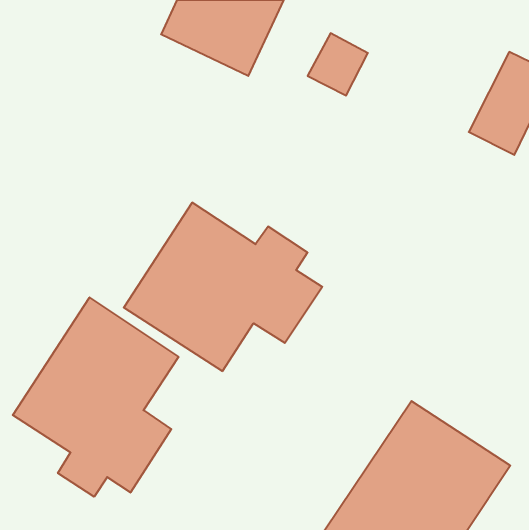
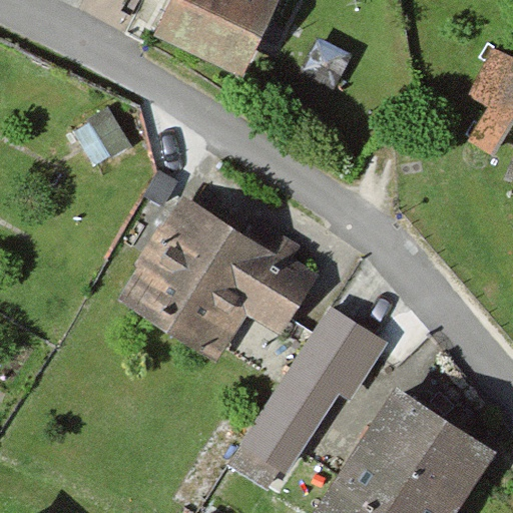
building: [13,297,178,497] -> none
building: none -> [228,310,383,486]

